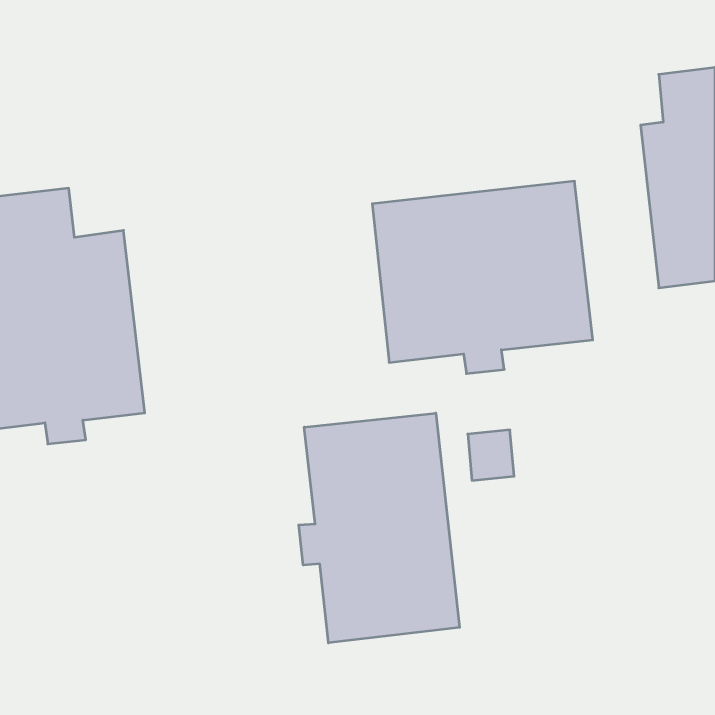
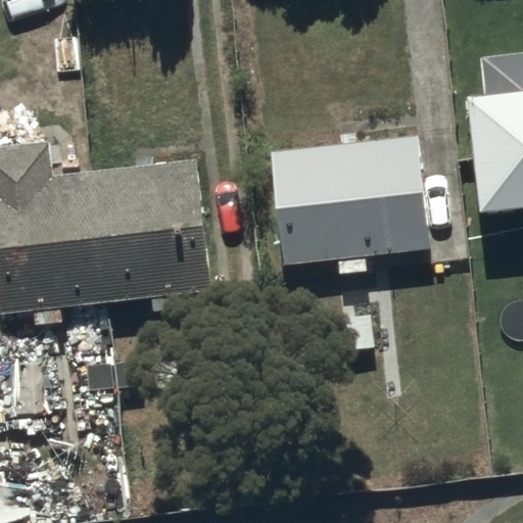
building: none -> [90,157,211,312]
building: [299,413,460,643] -> none

